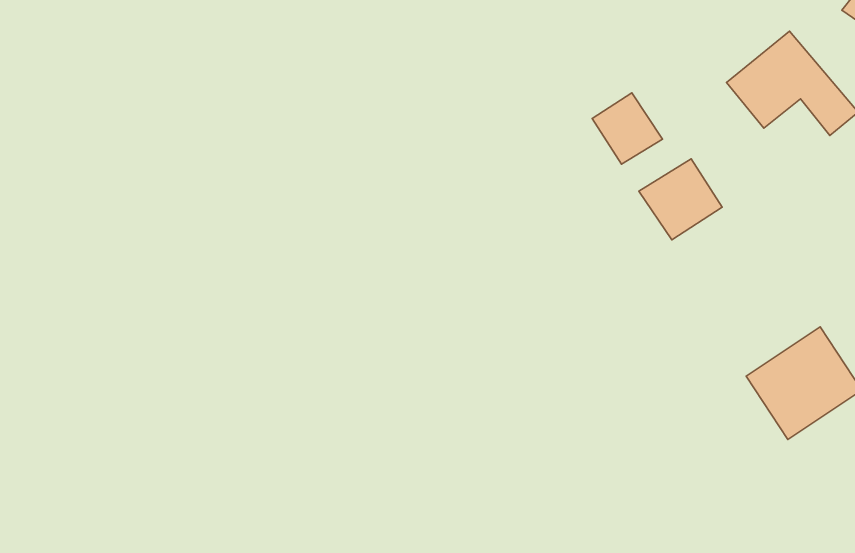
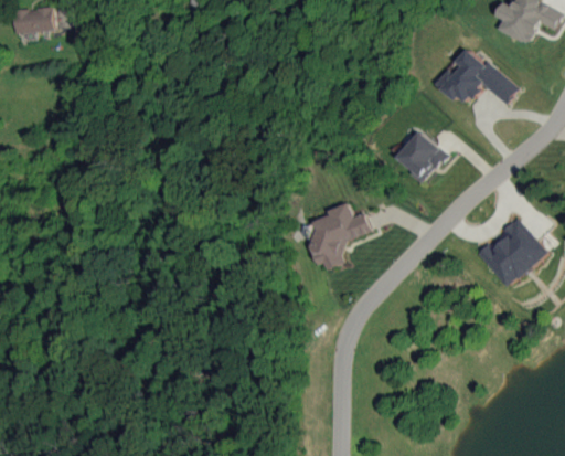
building: [592,93,663,164] -> none
building: none -> [306,202,371,271]

